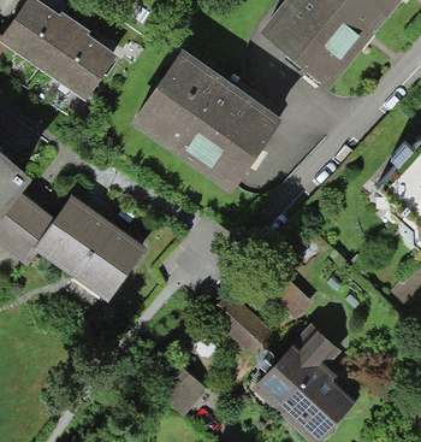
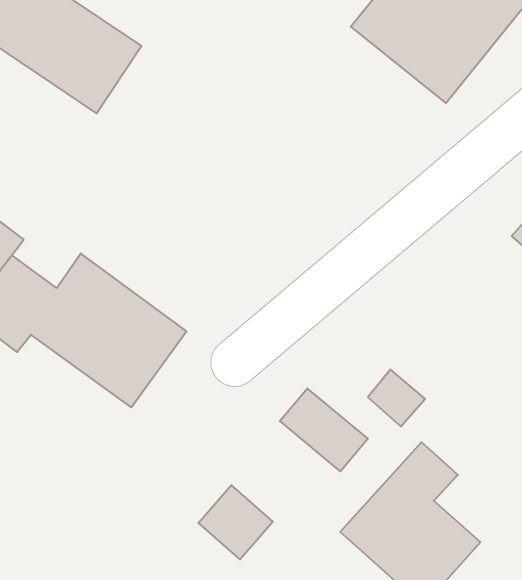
building: [129,58,273,194] -> none

